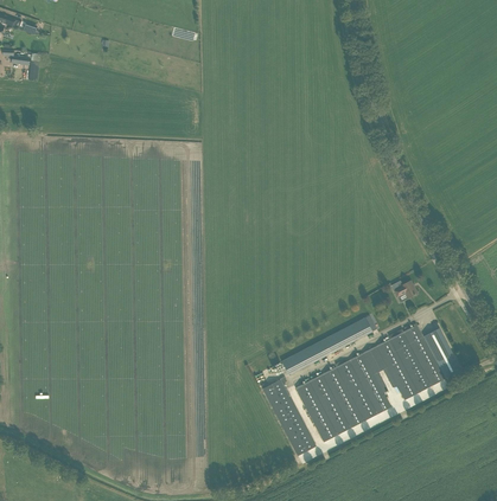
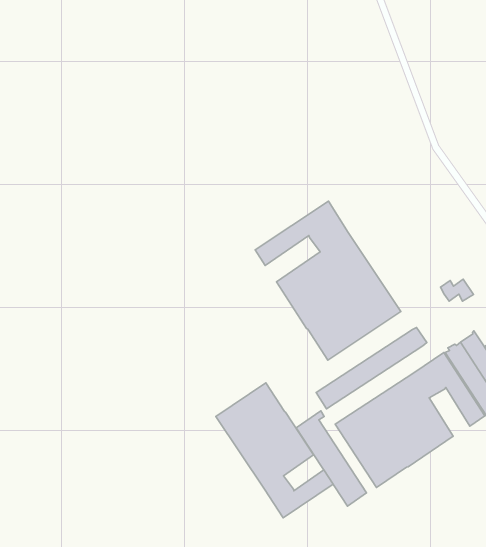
building: none -> [255,201,401,360]
building: none -> [216,383,333,518]

